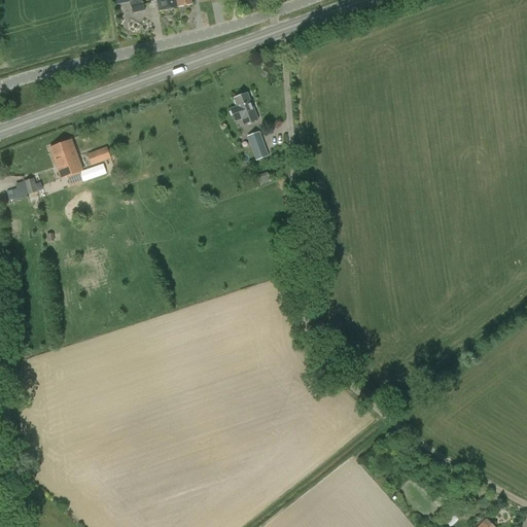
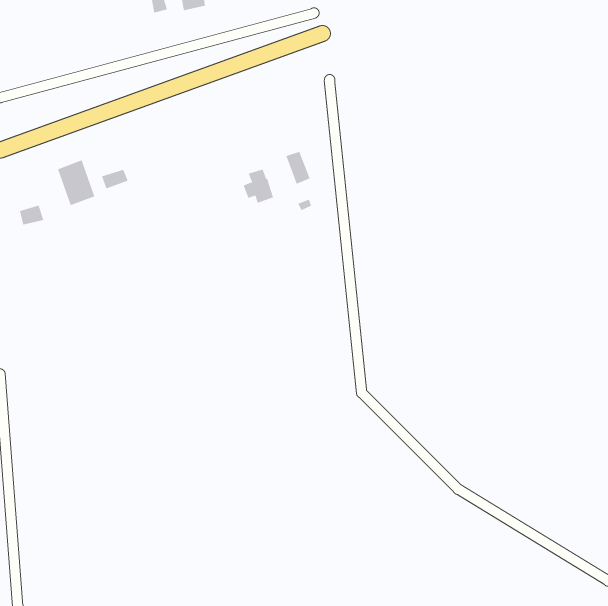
building: [230,93,256,122] -> [243,169,274,203]

